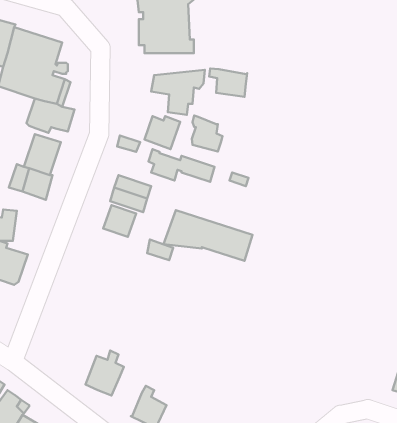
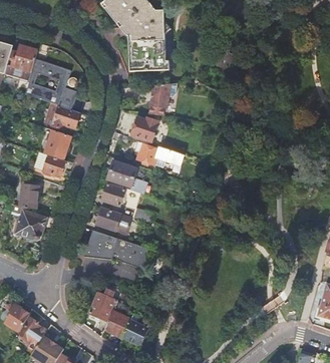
building: [209,69,247,97] -> none
building: [192,116,223,152] -> none
building: [164,210,253,261] -> [84,230,149,267]
building: none -> [96,206,132,233]
building: none -> [105,307,130,336]

